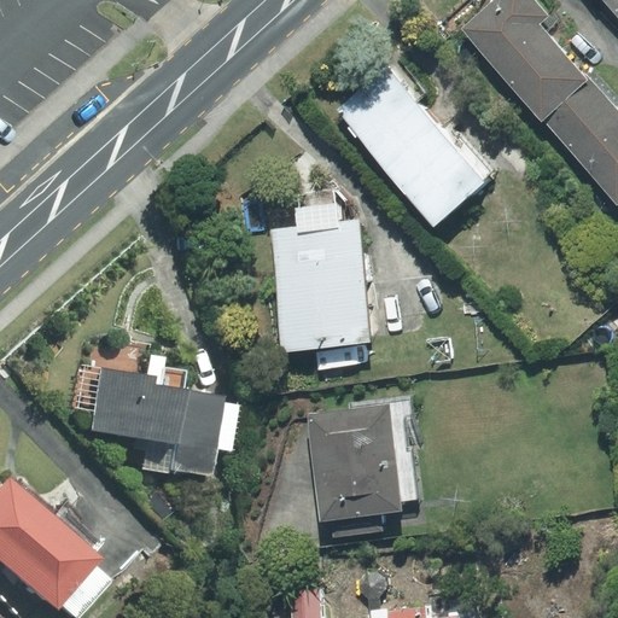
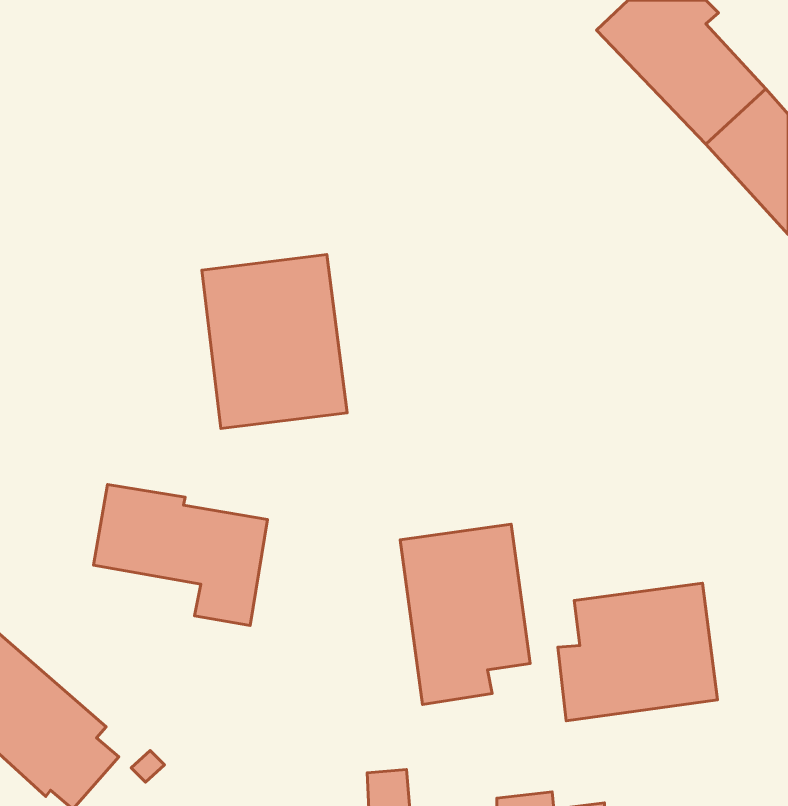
building: [336,63,492,226] -> none
building: [268,220,379,352] -> [202,254,347,429]
building: none -> [558,583,718,721]

